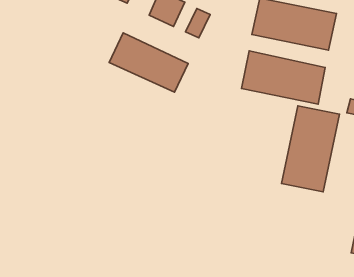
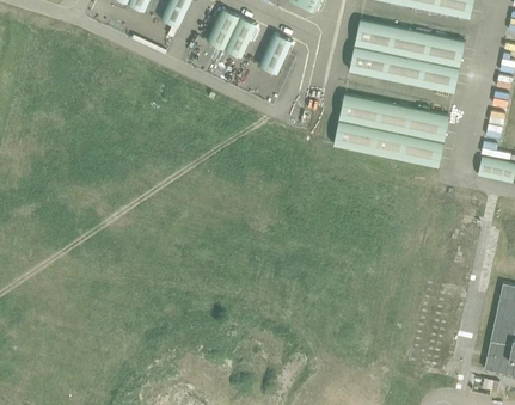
building: [109,33,188,92] -> none
building: [282,106,339,192] -> none

